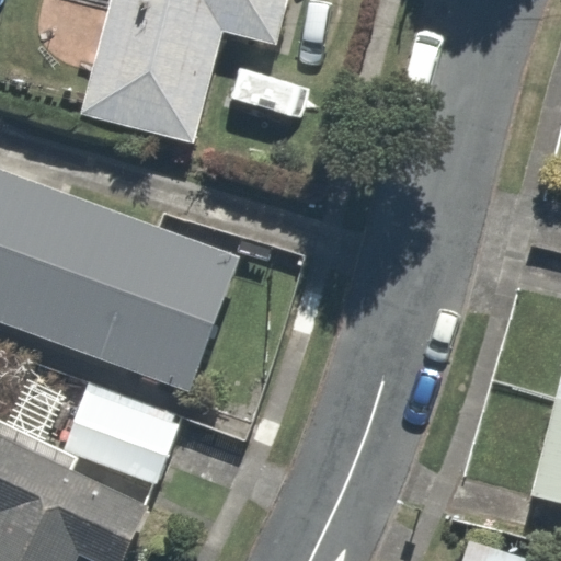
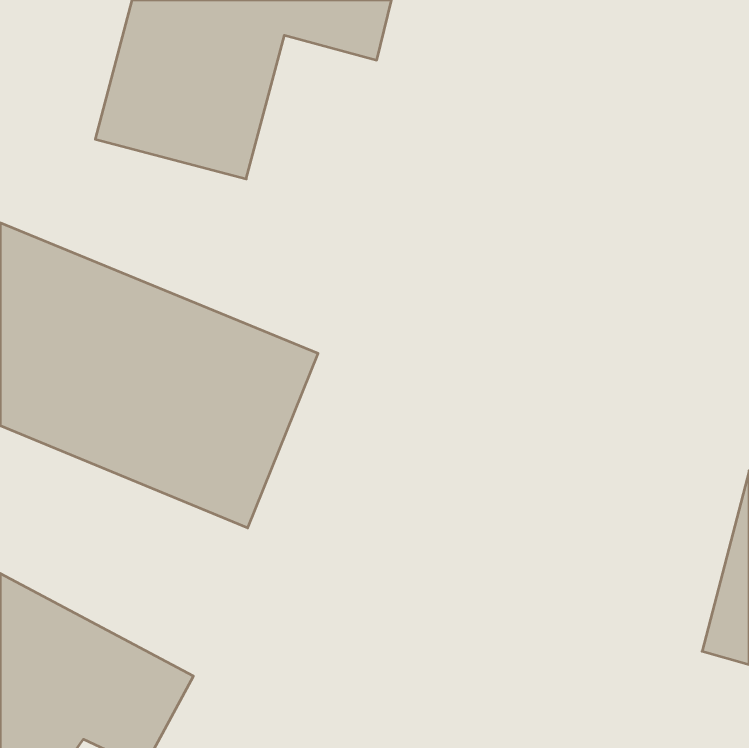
building: [53,369,191,481] -> none

